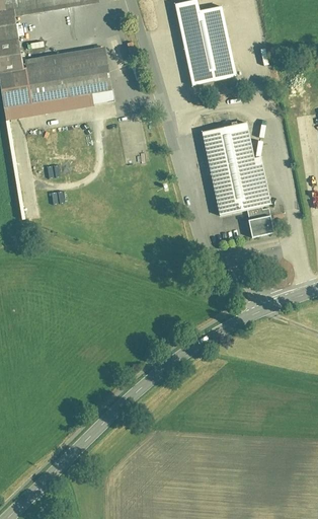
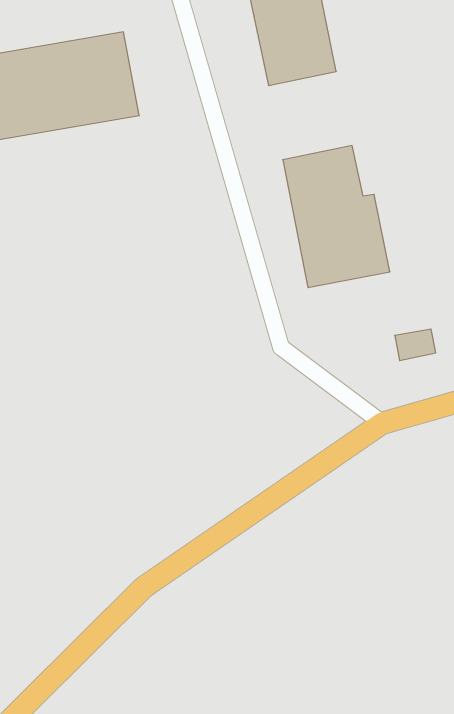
building: [244,217,270,237] -> [395,329,436,361]

